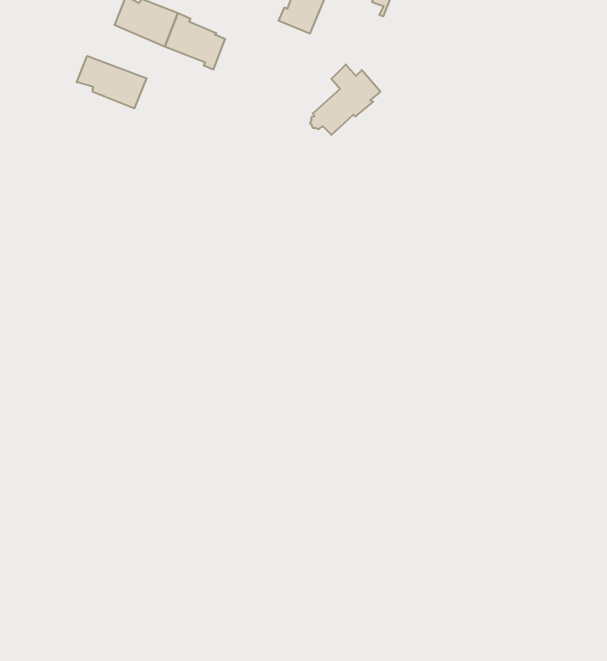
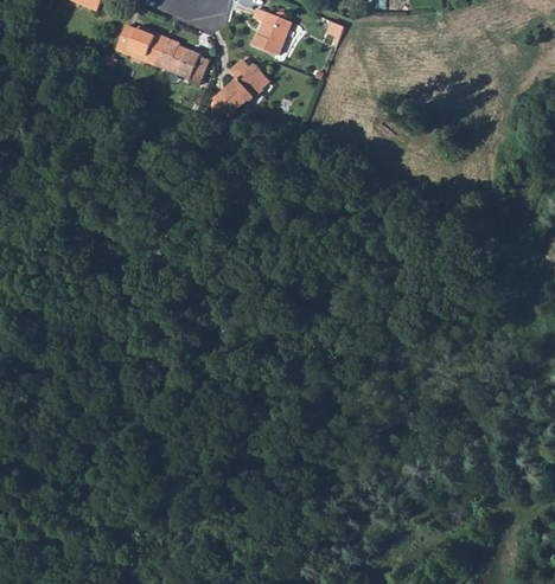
building: [77,56,147,108] -> none
building: [310,64,380,135] -> [211,58,269,116]

